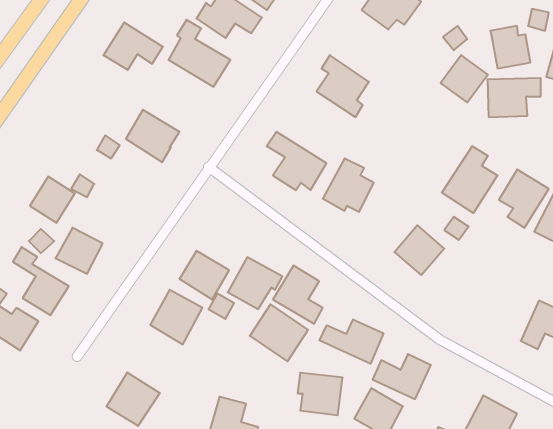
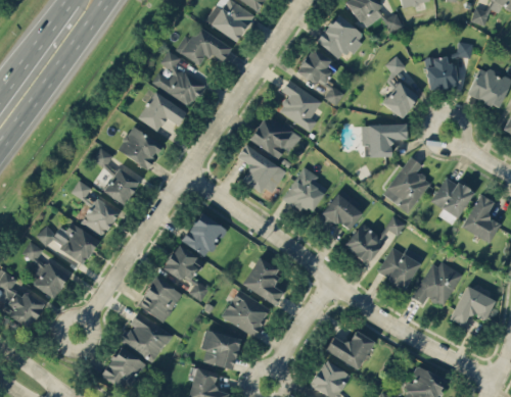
building: none -> [296,49,345,106]
building: [103,22,163,70] -> [137,92,187,132]
building: [487,78,541,117] -> [362,125,407,157]
building: none -> [248,114,299,162]
building: none -> [103,168,139,205]
building: [30,177,75,223] -> [81,199,119,238]
building: none -> [315,191,365,233]
building: none -> [377,248,422,290]
building: [228,257,282,309] -> [182,213,228,257]
building: none -> [413,259,463,308]
building: [319,319,383,364] -> none
building: none -> [120,313,172,362]
building: [298,373,343,415] -> [201,333,239,368]

